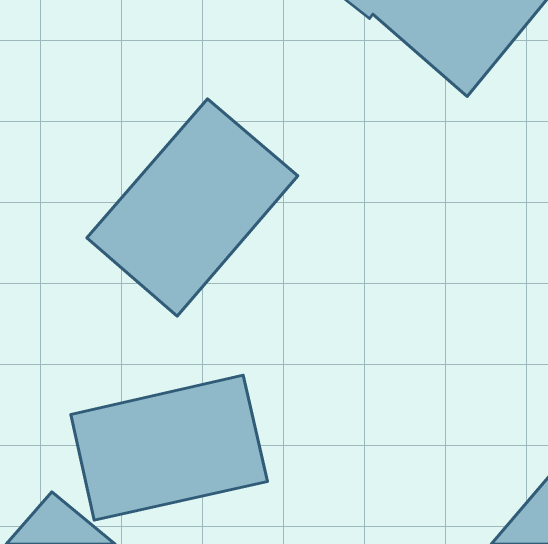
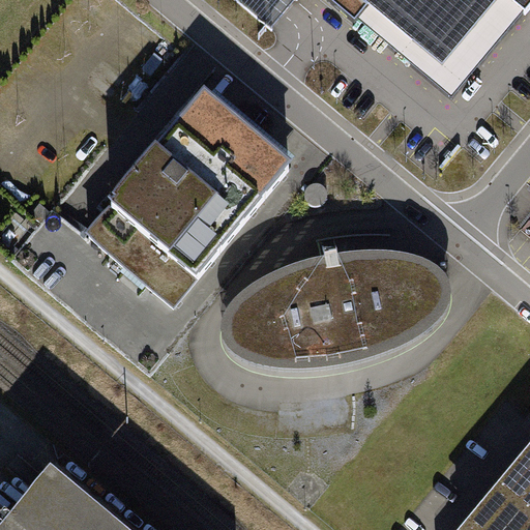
building: none -> [228,258,441,358]
building: [71,375,268,520] -> none

